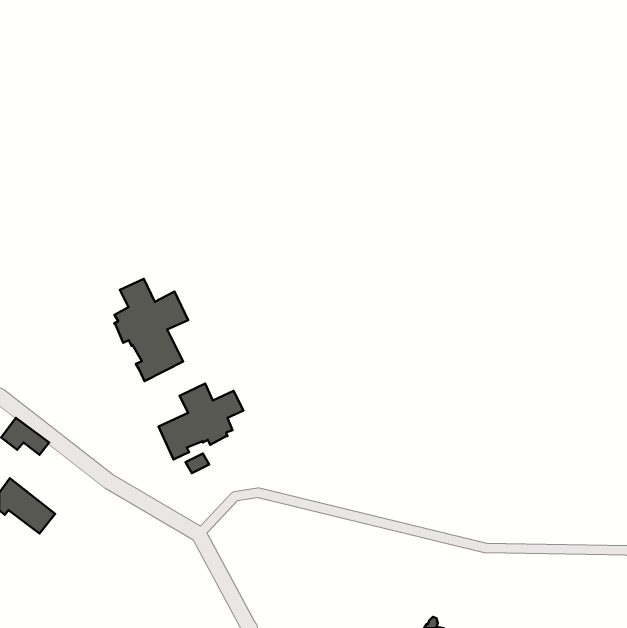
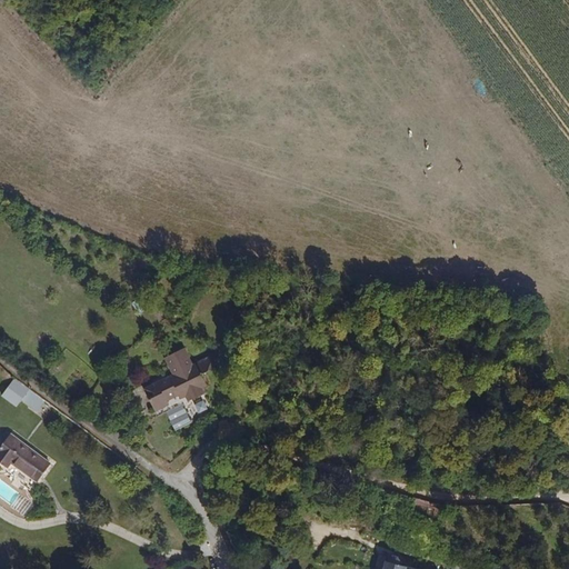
building: [114,279,188,381] -> none

